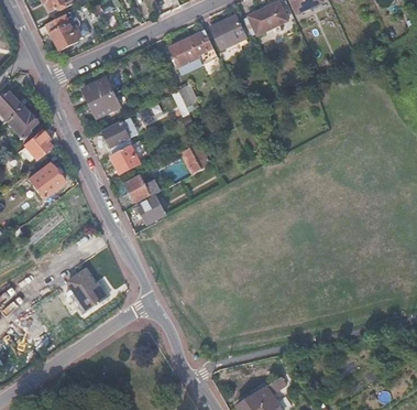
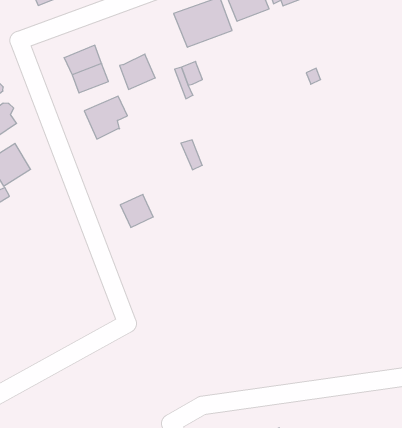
building: [111,144,141,174] -> [120,54,155,89]
building: [124,173,158,203] -> none
building: [67,269,107,315] -> none

